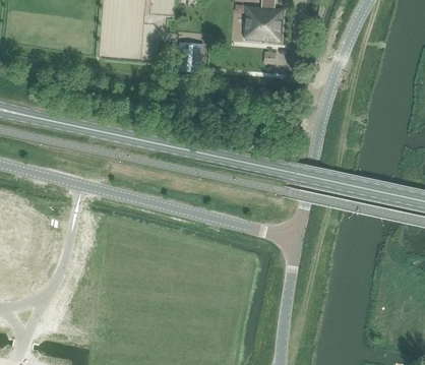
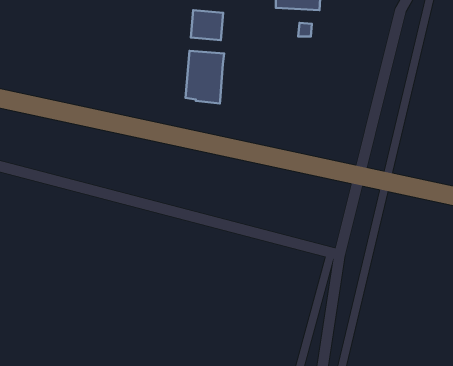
building: none -> [185,51,224,103]

